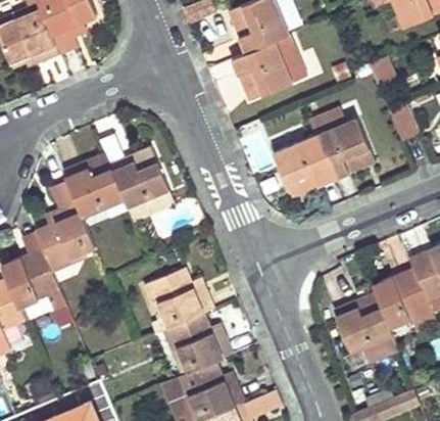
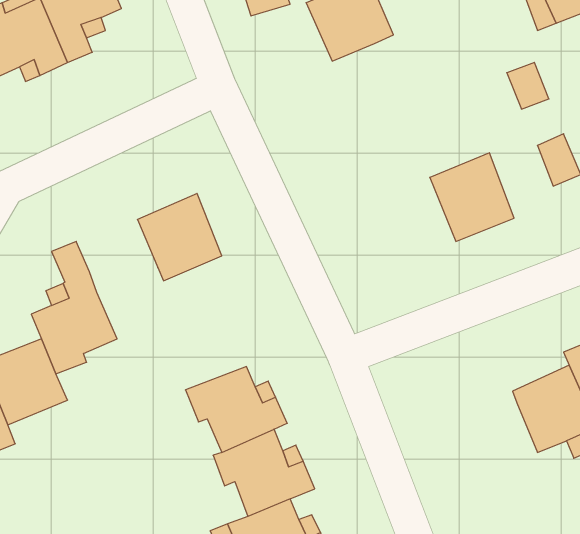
building: [232,36,306,102] -> none
building: [273,136,333,198] -> none
building: [62,155,124,217] -> none
building: [334,294,393,355] -> none

